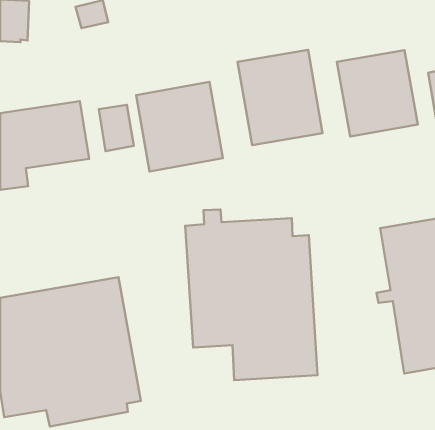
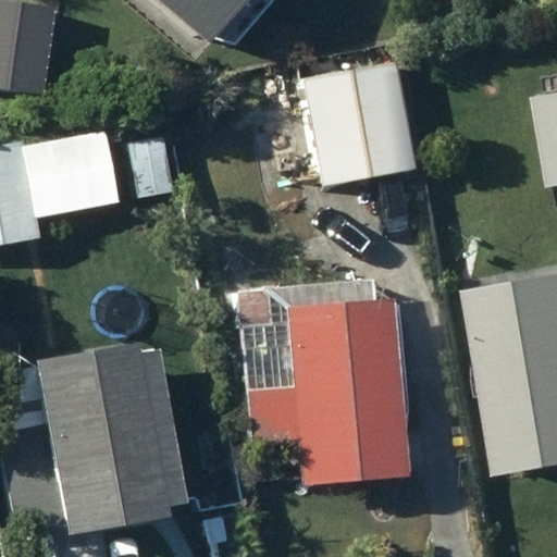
building: [337,50,418,136] -> none
building: [136,82,223,171] -> none

